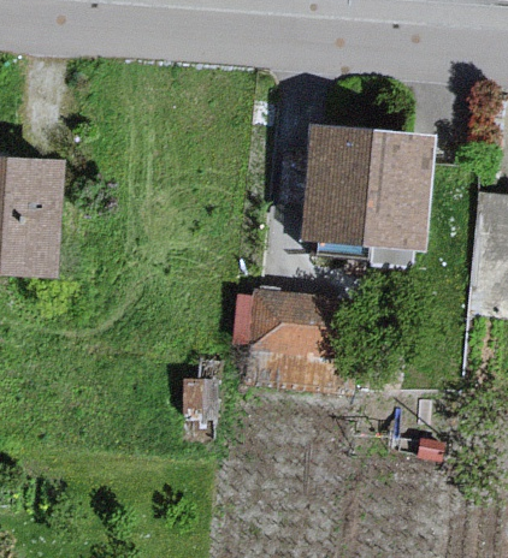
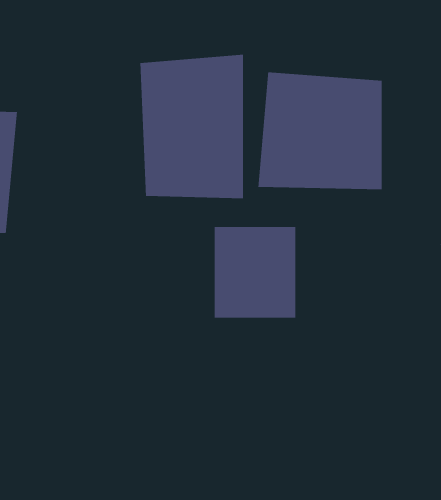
building: none -> [139,54,244,199]

